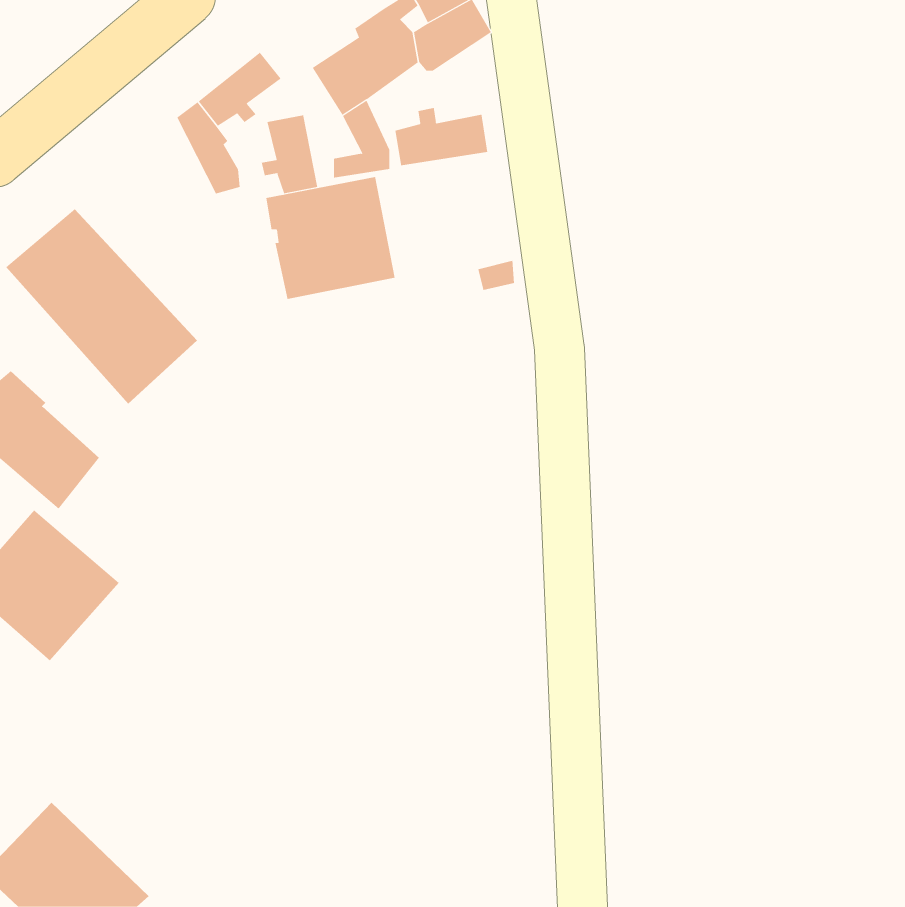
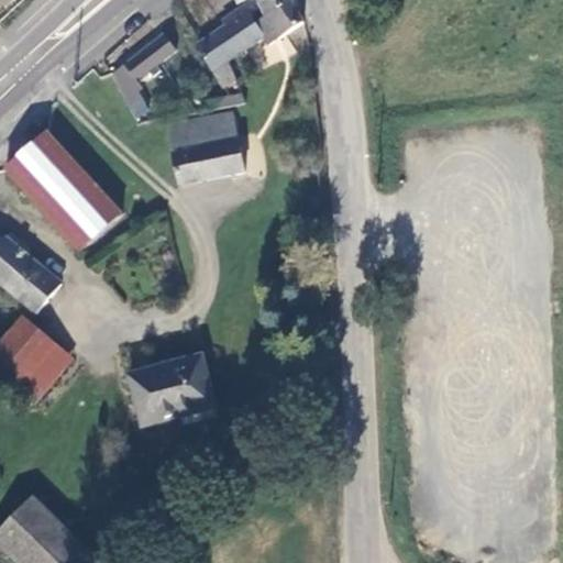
building: [395,107,488,166] -> none
building: [261,114,318,194] -> none
building: none -> [125,353,217,429]

